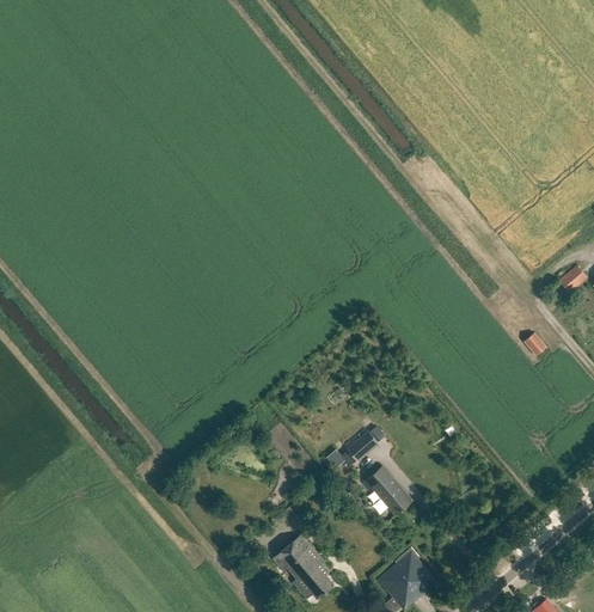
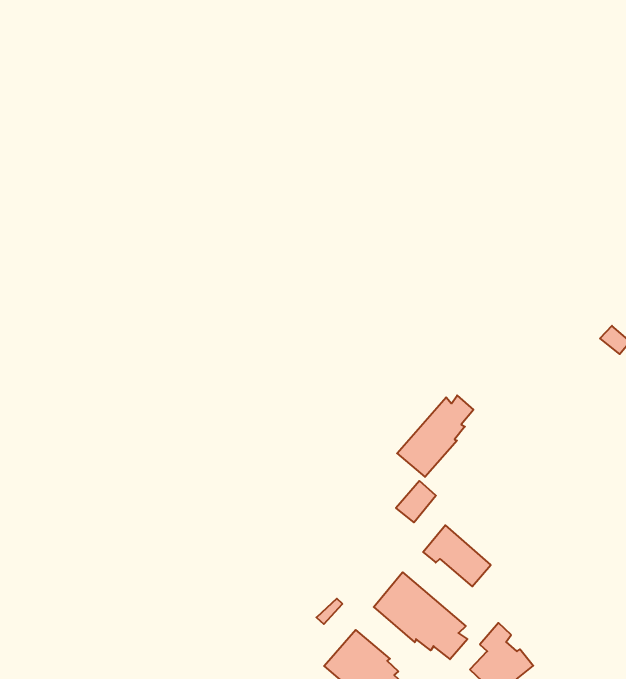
building: none -> [397,395,473,477]
building: none -> [374,572,467,659]

